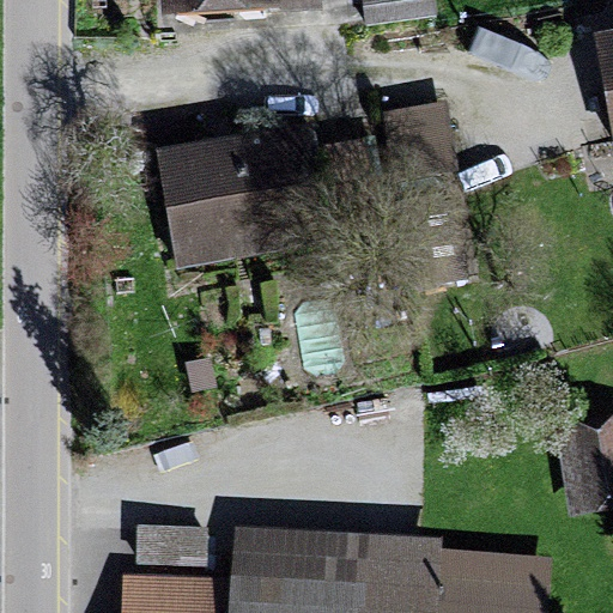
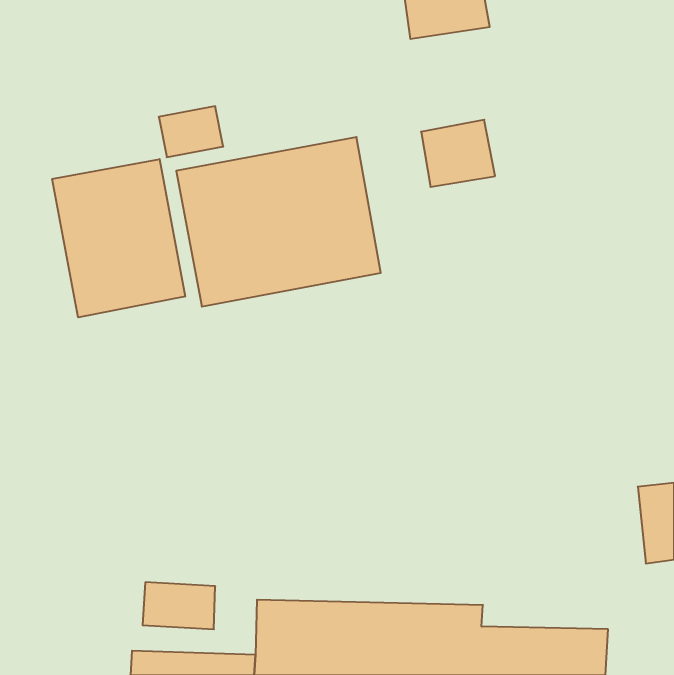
building: none -> [52,159,185,317]

